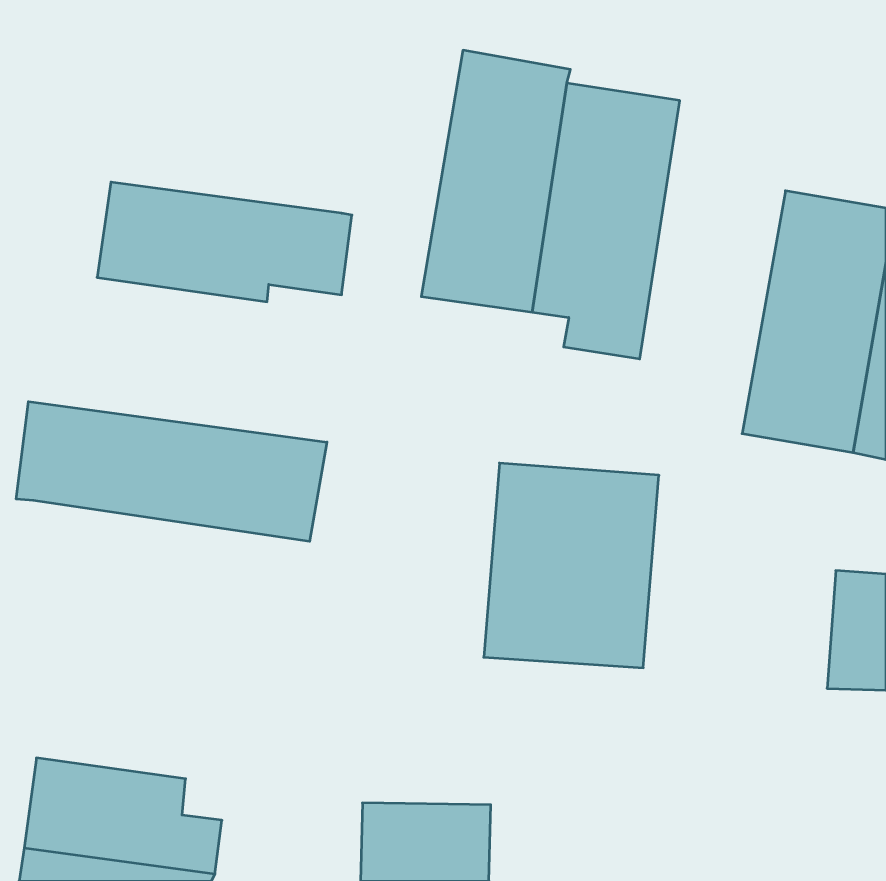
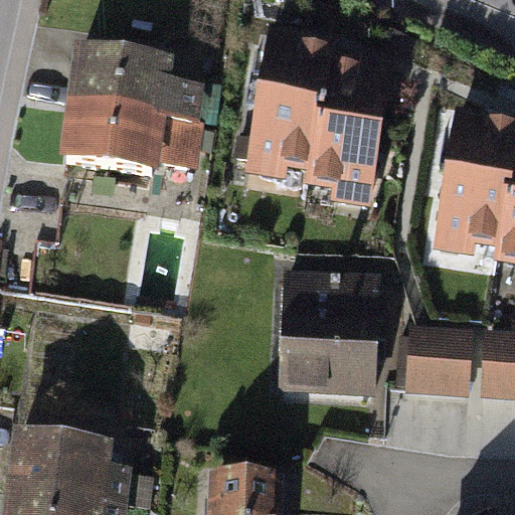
building: none -> [64,46,203,124]
building: [16,402,327,541] -> none
building: none -> [407,327,477,395]

